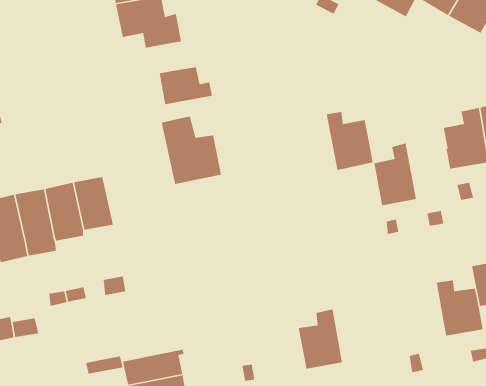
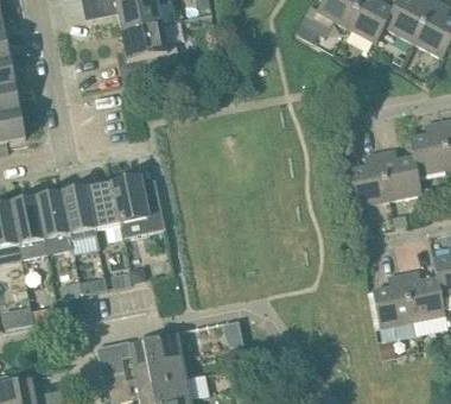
building: [159,67,213,105] -> none
building: [326,111,373,171] -> [376,150,418,202]
building: [161,115,222,185] -> [112,176,165,236]
building: [298,308,343,370] -> [371,274,411,328]

